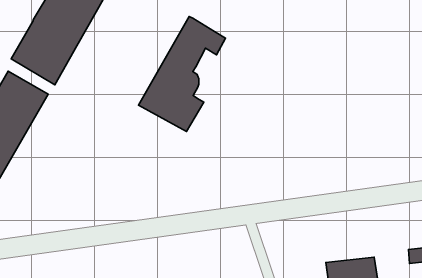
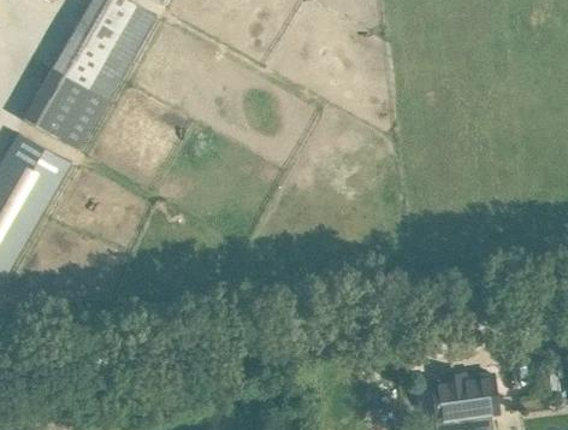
building: [138,17,225,132] -> none

